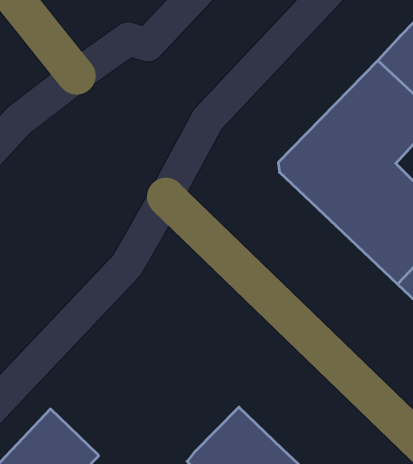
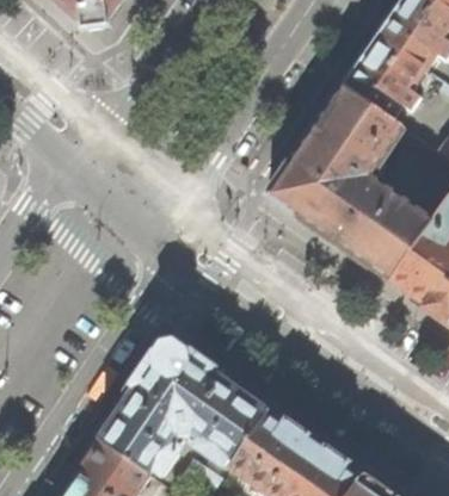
building: none -> [102,343,267,475]

